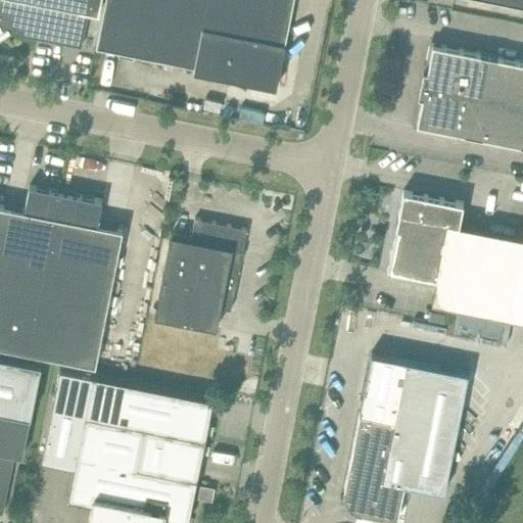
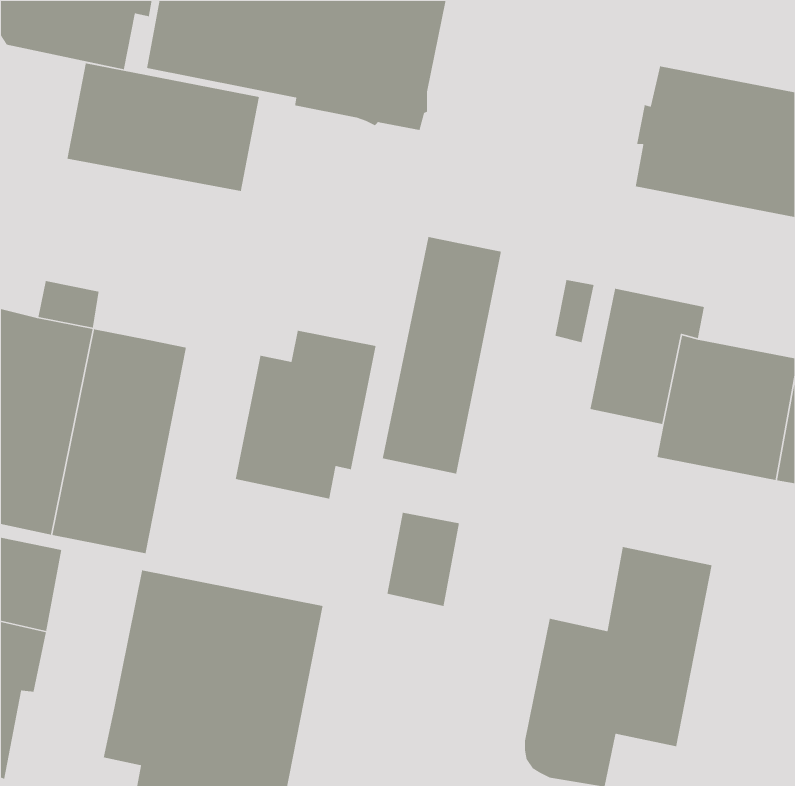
building: none -> [66,62,260,192]
building: none -> [382,236,502,475]
building: none -> [554,279,594,343]
building: [61,197,102,229] -> none
building: [361,358,409,420] -> [387,512,460,607]
building: [41,373,93,471] -> none

